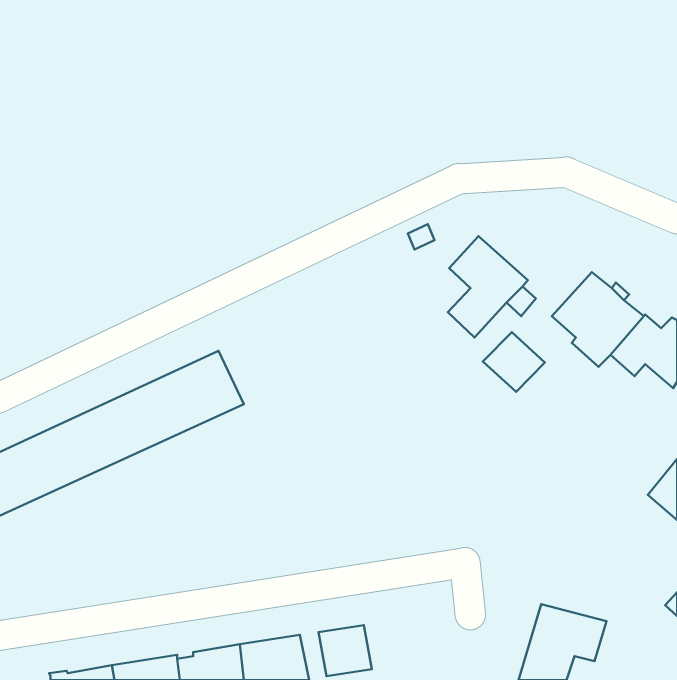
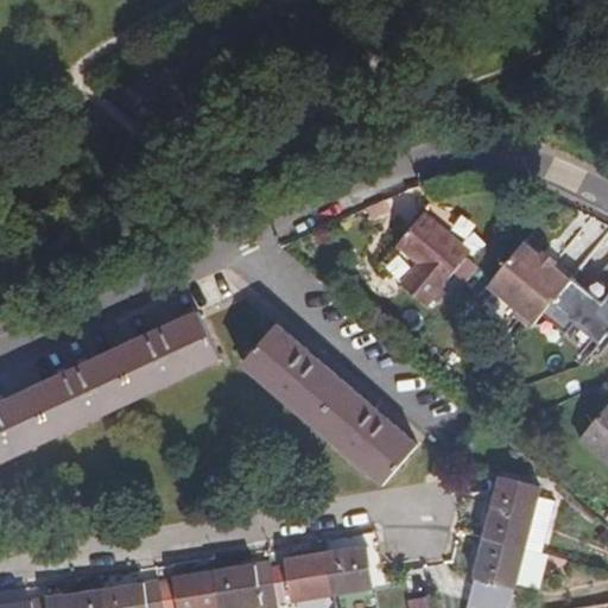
building: [483,332,545,392] -> none
building: none -> [241,325,416,483]
building: none -> [482,479,555,553]
building: none -> [324,550,372,596]

